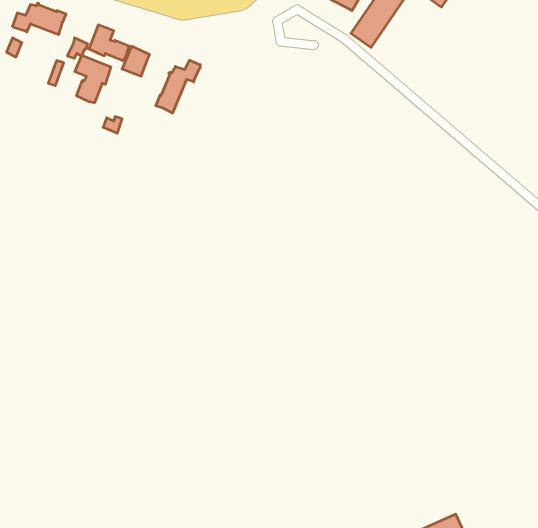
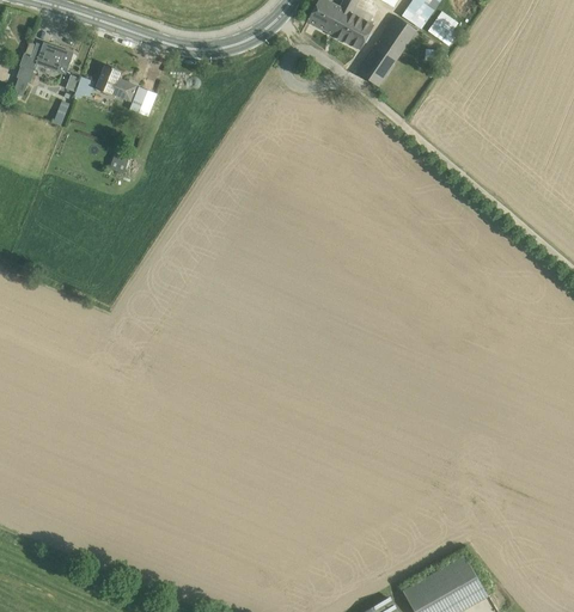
building: [75,55,111,103] -> none
building: [156,60,200,113] -> none

